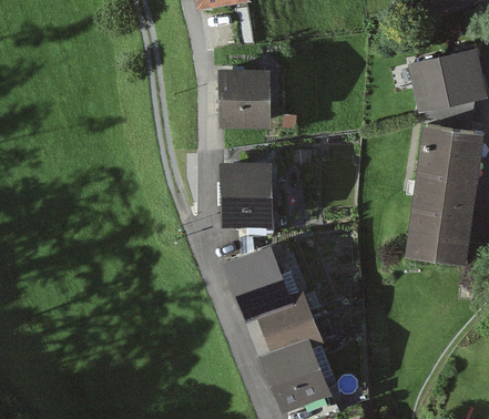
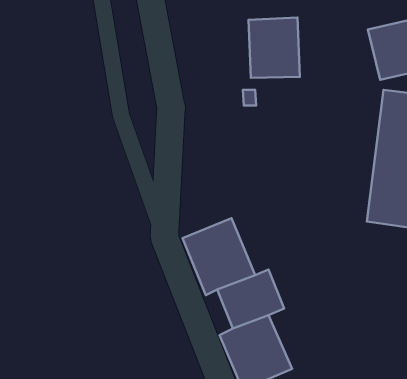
building: [217,70,268,130] -> [248,18,300,78]
building: [220,164,272,229] -> none

